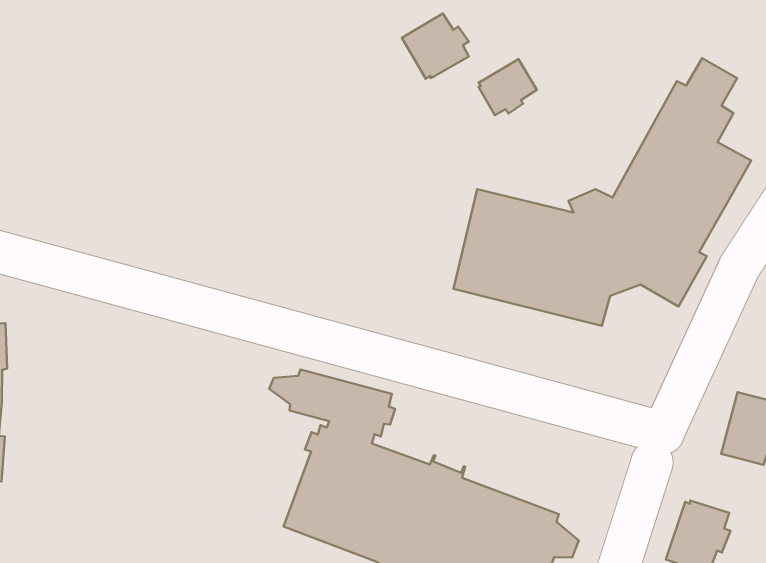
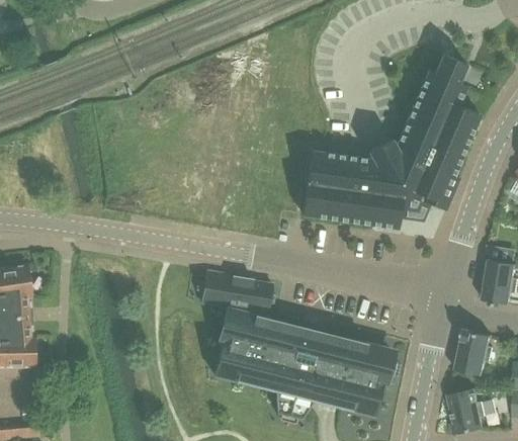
building: [402,14,469,79] -> none
building: [479,59,537,115] -> none

